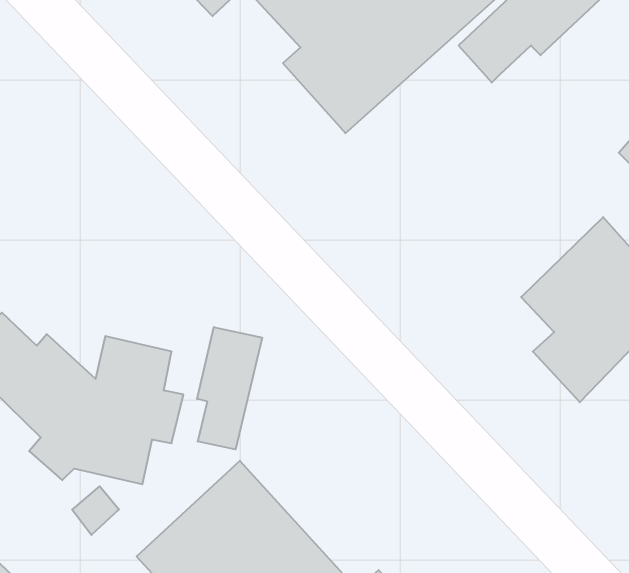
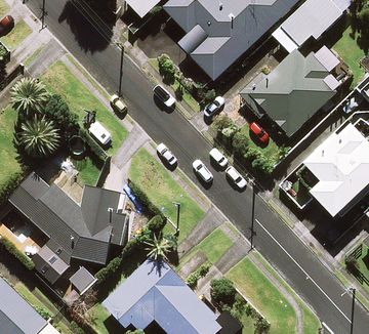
building: none -> [238,46,342,136]
building: [197,327,262,449] -> none

